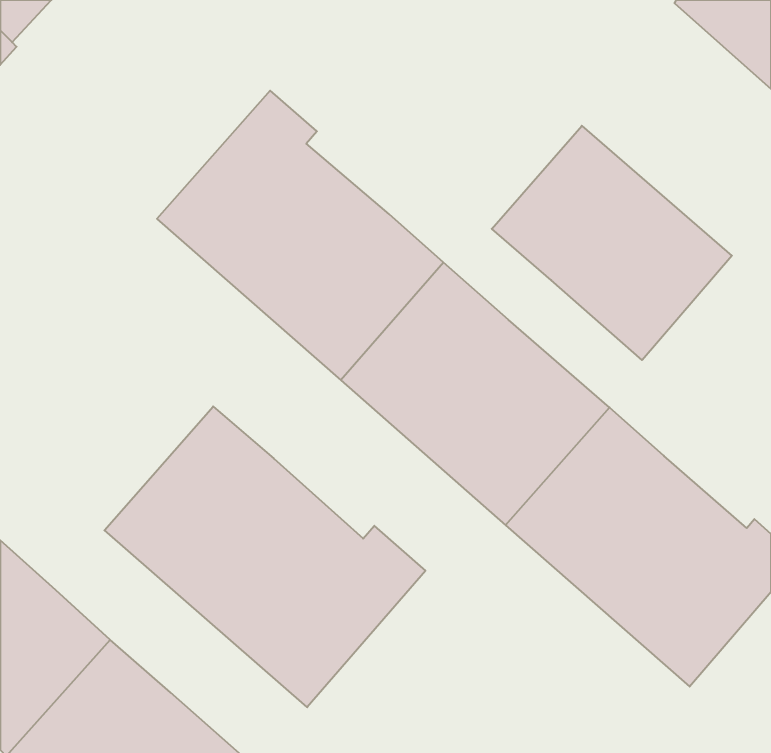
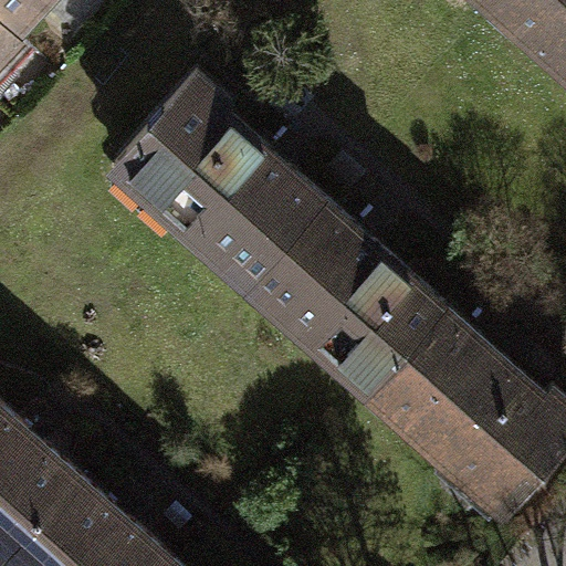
building: [492,126,732,360] -> none
building: [104,406,425,707] -> none

